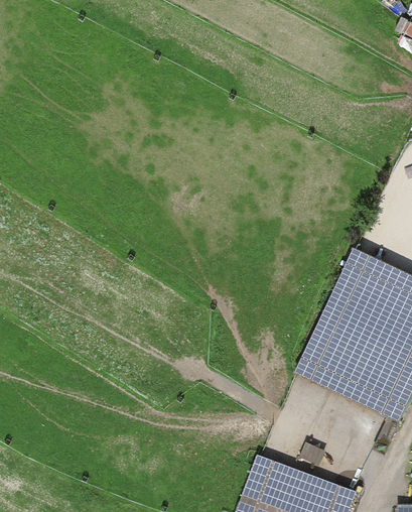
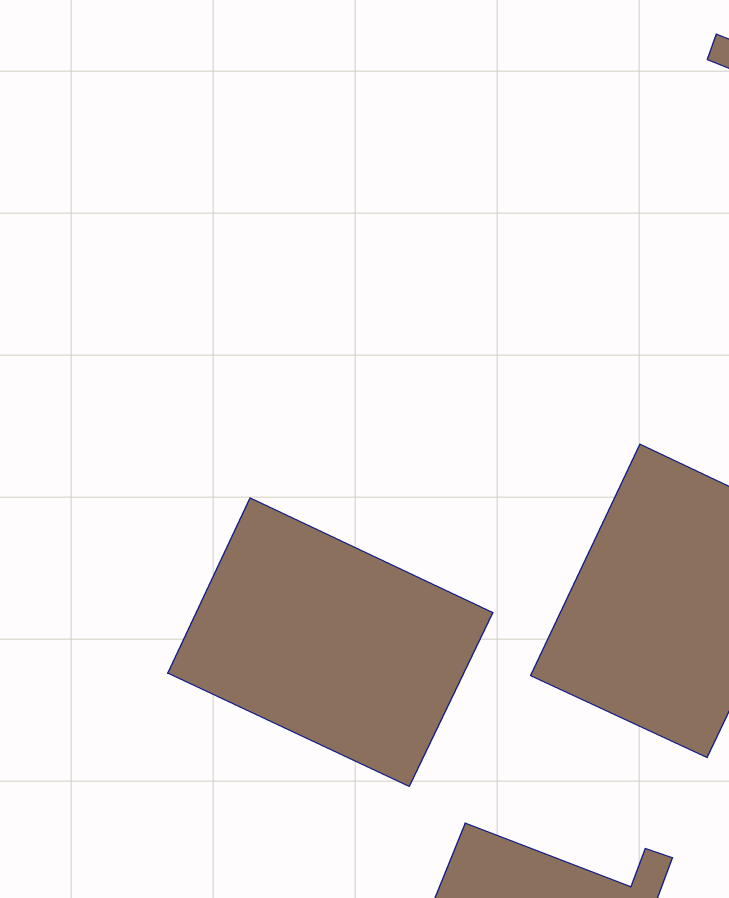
building: none -> [168,498,493,786]

